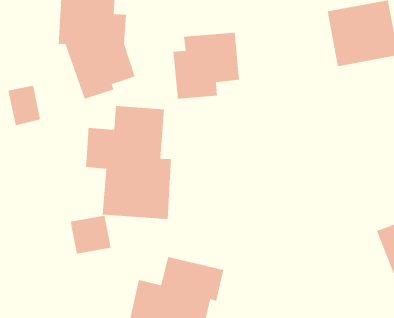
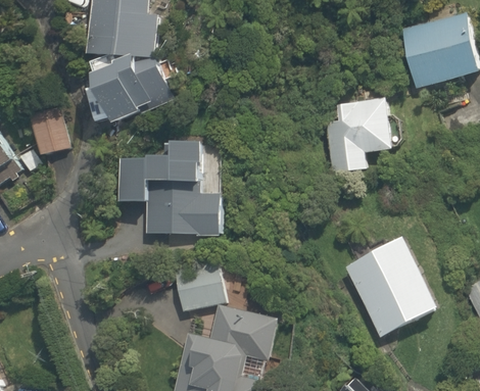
building: [173,32,240,99] -> [318,92,395,169]
building: none -> [341,243,445,340]
building: [70,215,111,254] -> [170,262,218,307]

